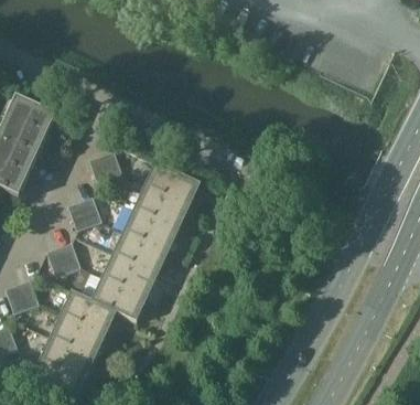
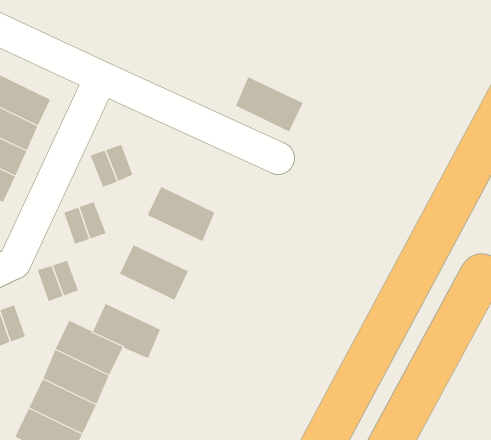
building: [144,159,198,203] -> [235,77,304,132]
building: [122,205,177,249] -> none
building: [100,252,155,296] -> none

